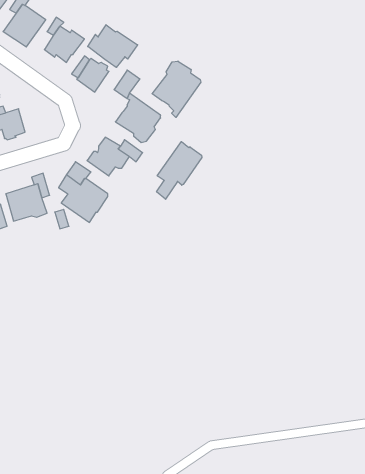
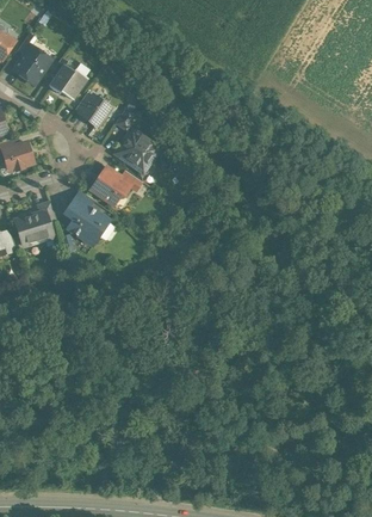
building: [88,25,138,67] -> none
building: [152,61,201,117] -> none
building: [157,142,202,199] -> none

